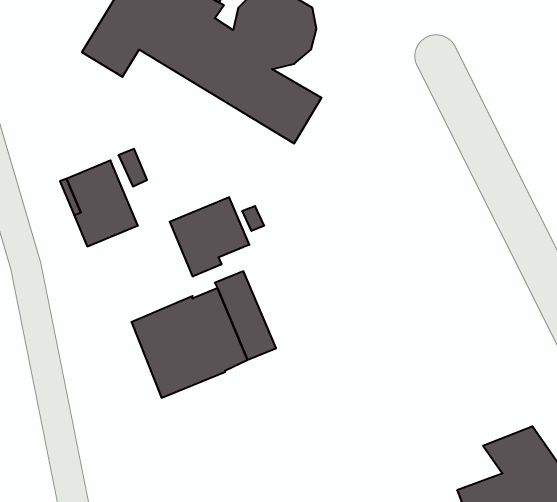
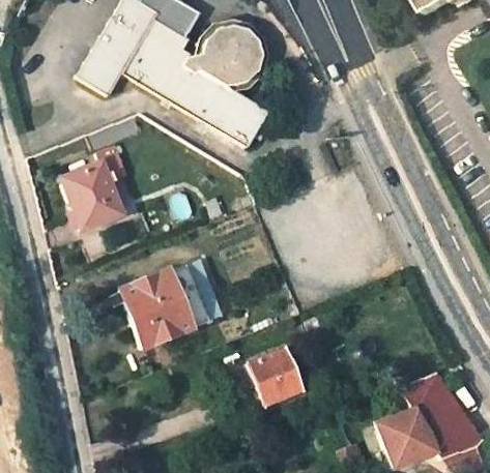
building: [170,197,249,277] -> none
building: none -> [246,348,302,407]

